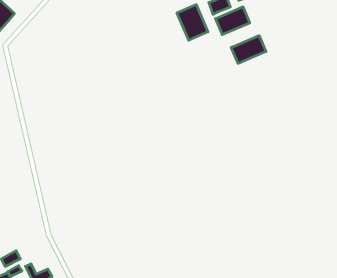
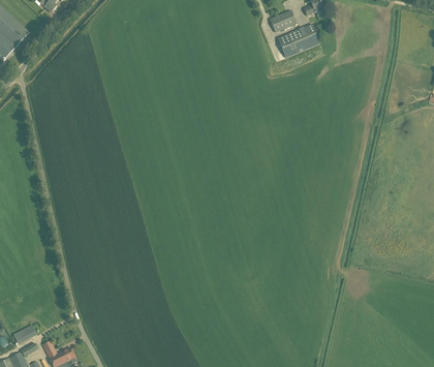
building: [177,5,208,40] -> none
building: [231,36,266,63] -> none

